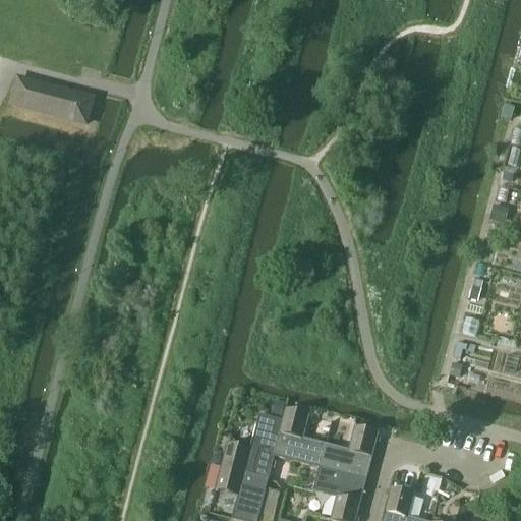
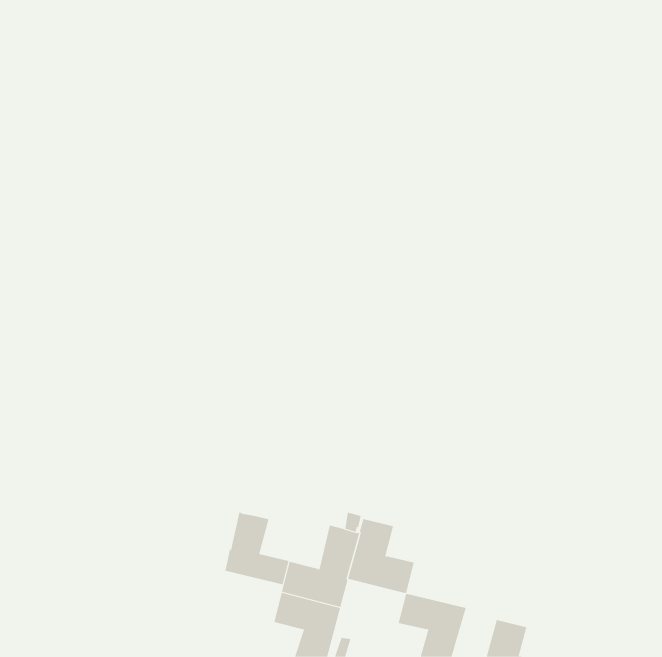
building: [10,79,93,125] -> none
building: none -> [225,511,289,585]
building: [320,424,379,477] -> none

